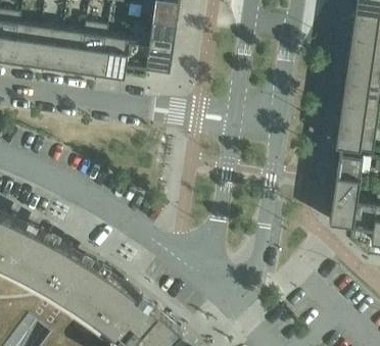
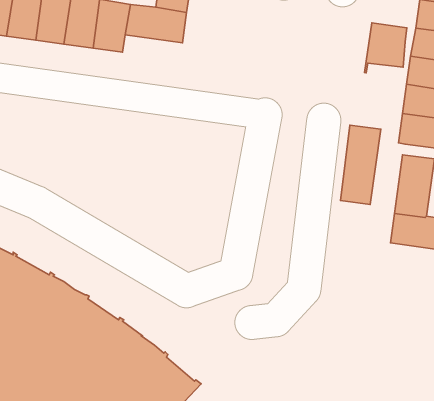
building: none -> [365,23,407,73]
building: none -> [340,125,381,204]

